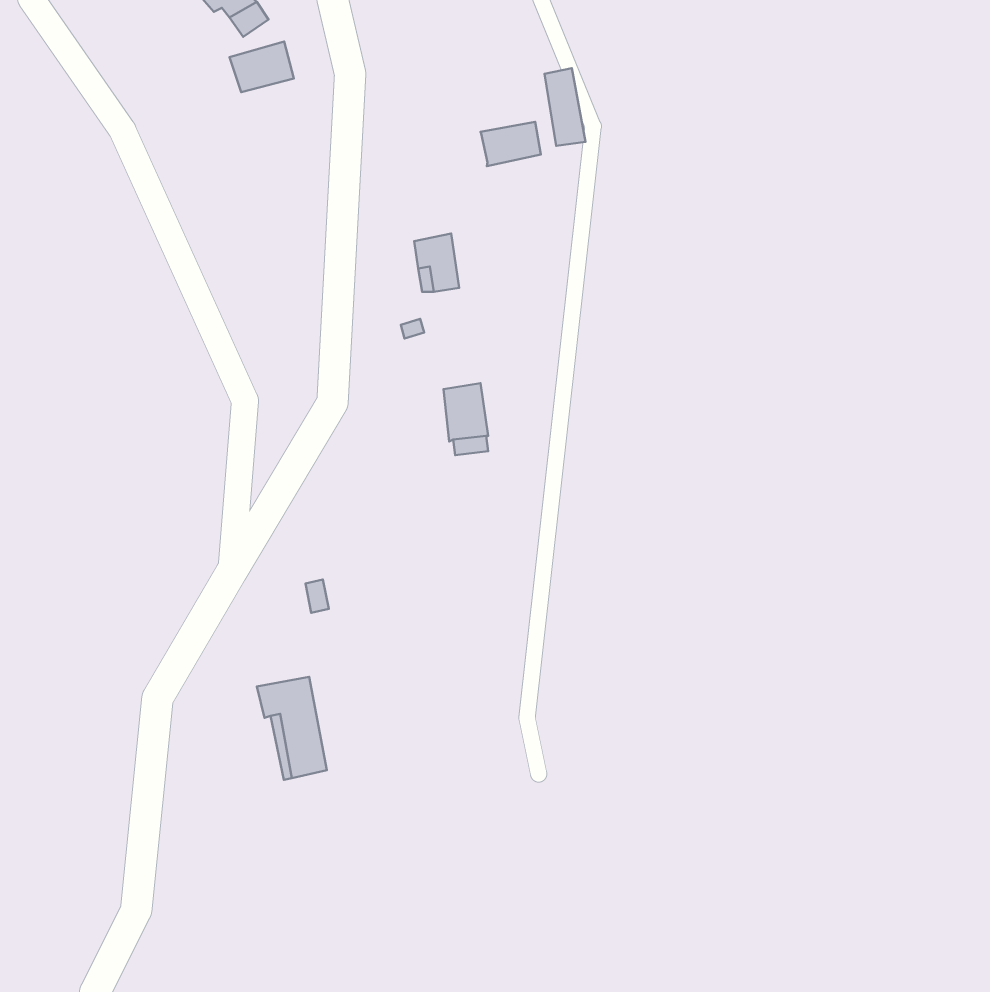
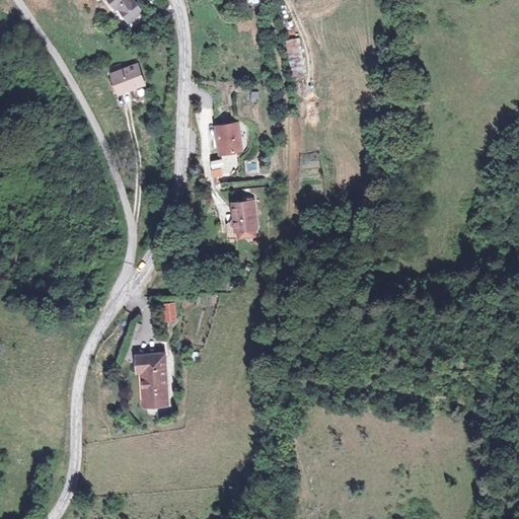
building: [230,42,294,92] -> [108,65,142,91]
building: [481,122,541,166] -> none

